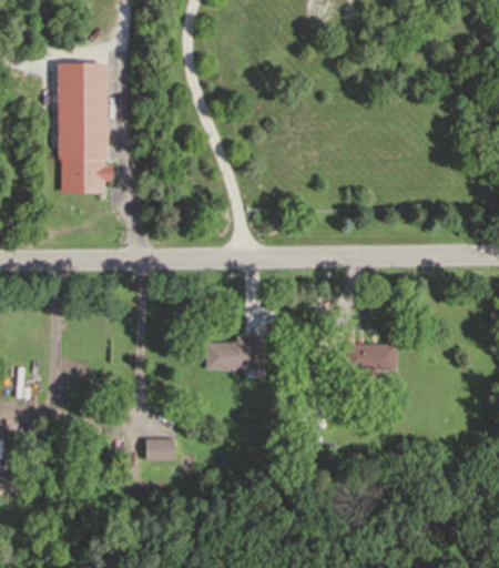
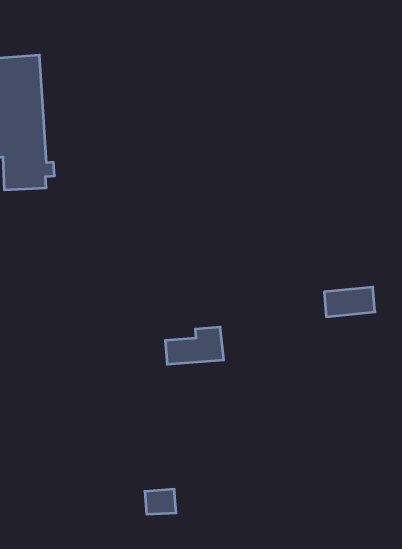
building: [346,346,394,372] -> [324,287,375,317]
building: [146,439,175,463] -> [145,489,176,514]

